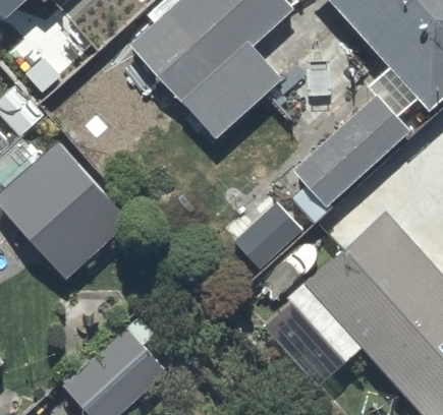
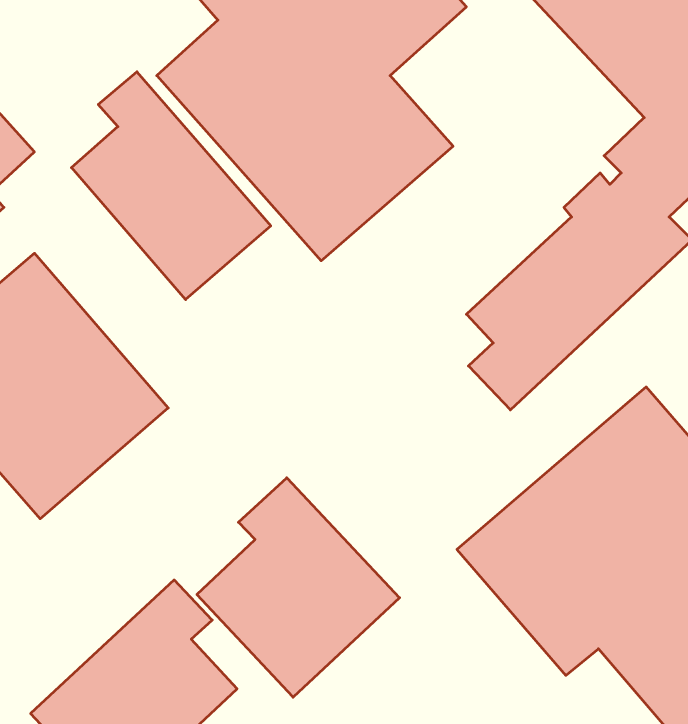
building: none -> [71,72,271,300]
building: none -> [197,478,400,697]

